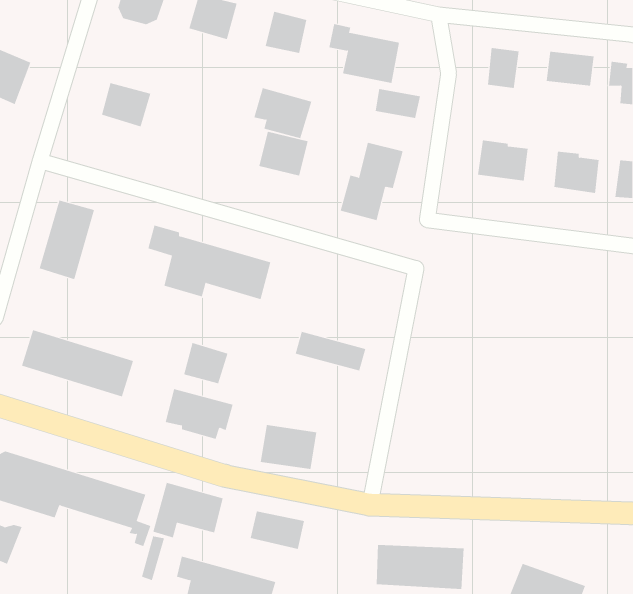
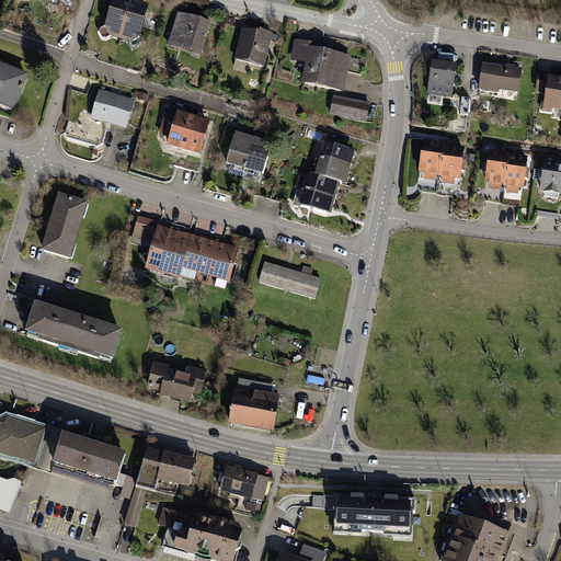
building: [253,88,312,139] -> [159,107,210,152]
building: [295,331,366,371] -> [257,261,320,296]
building: [183,342,228,384] -> none

